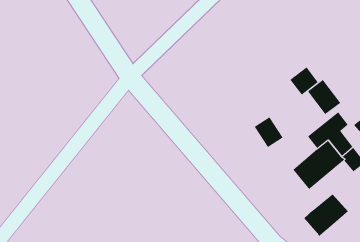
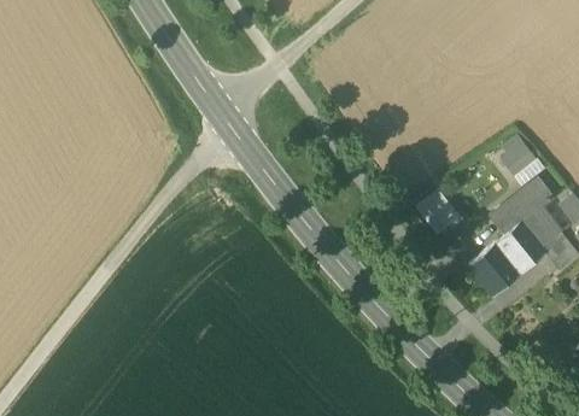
building: [290,67,319,95] -> none
building: [304,193,349,237] -> none

